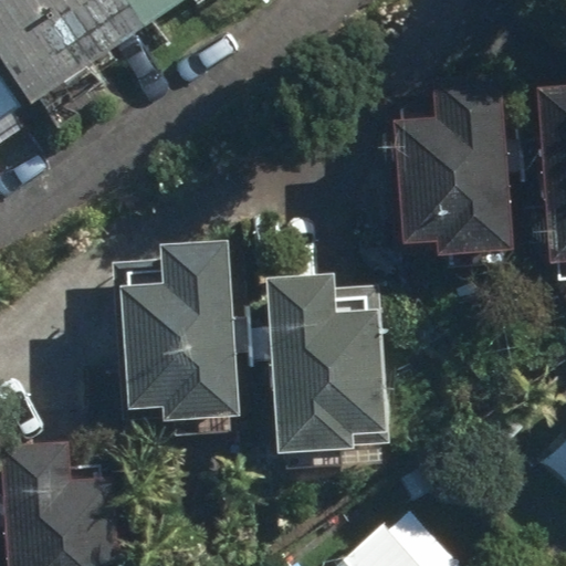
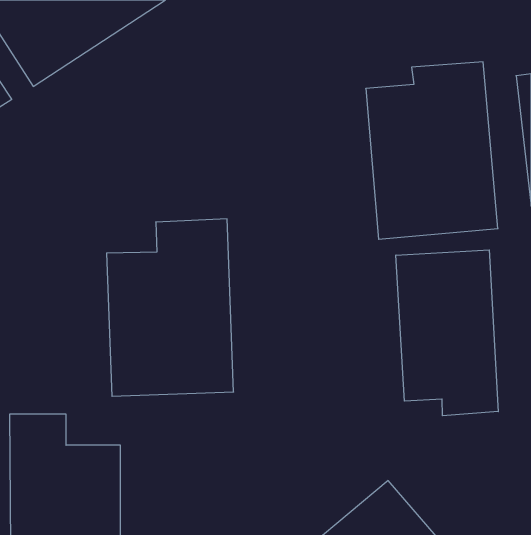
building: none -> [396,250,498,416]
building: [266,272,389,453] -> none

